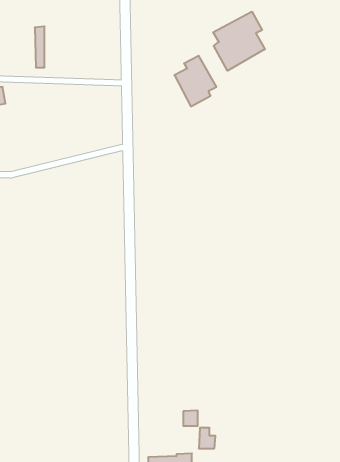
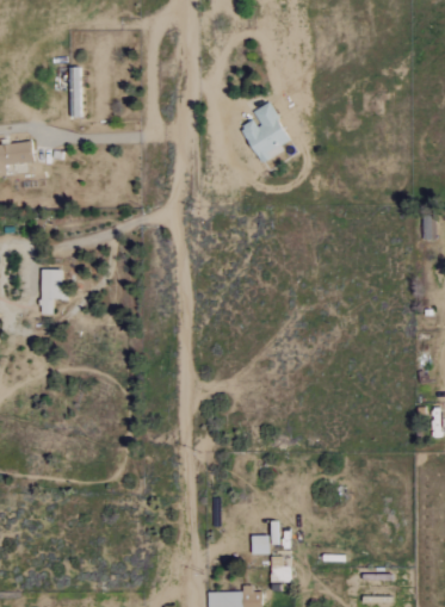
building: [213,12,265,71] -> none
building: none -> [41,270,62,315]

